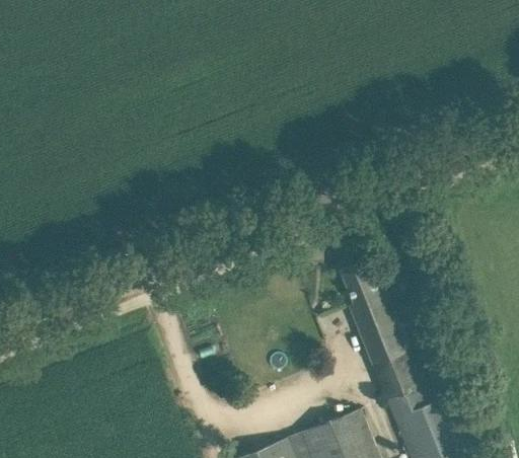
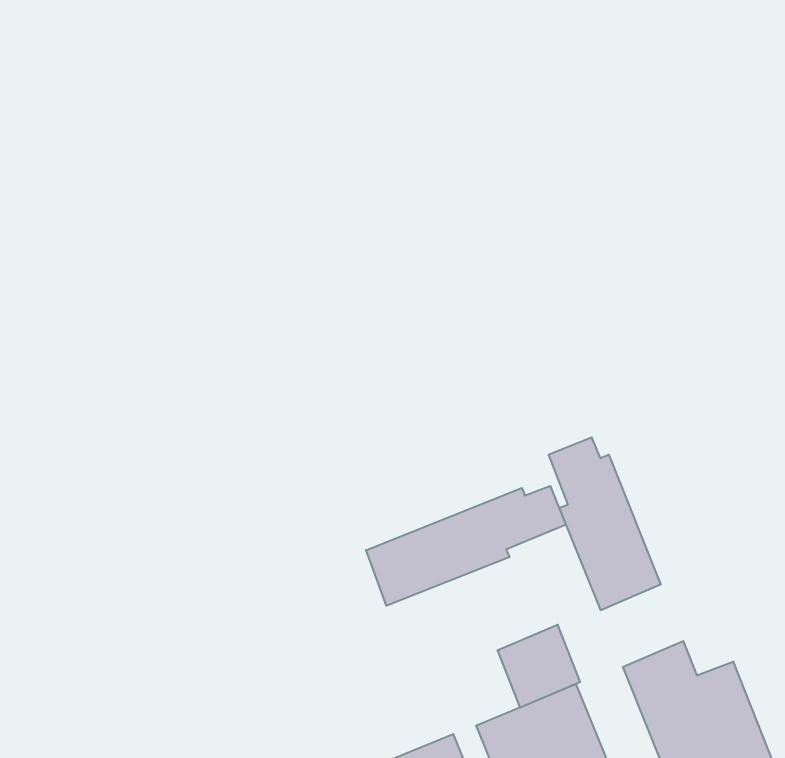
building: none -> [366,486,566,606]
building: [373,351,422,399] -> [497,625,580,708]

